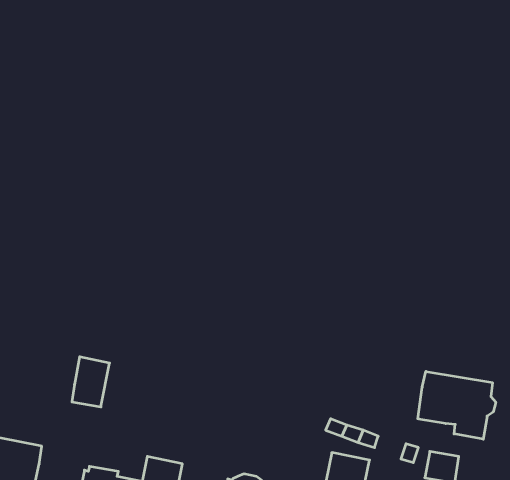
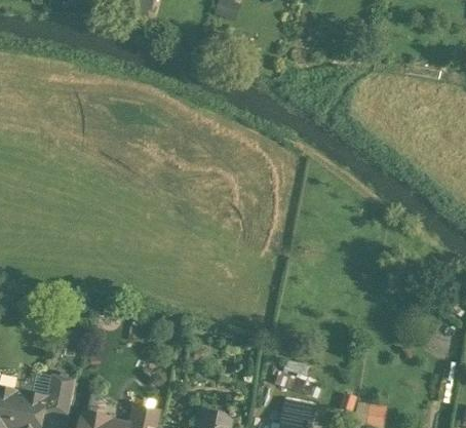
building: [72,357,110,407] -> [44,375,75,416]
building: [418,371,496,439] -> none

